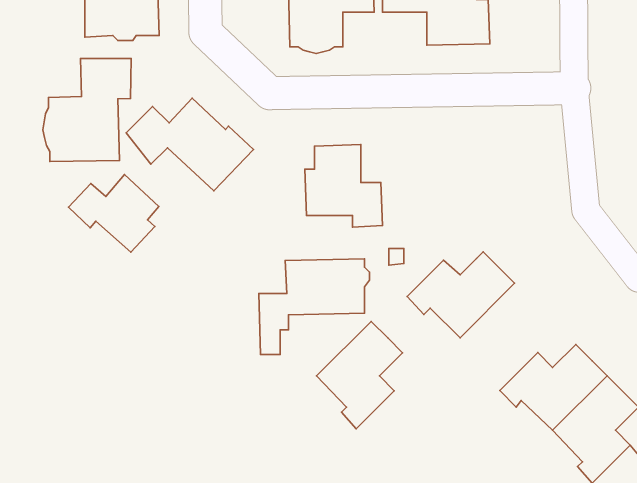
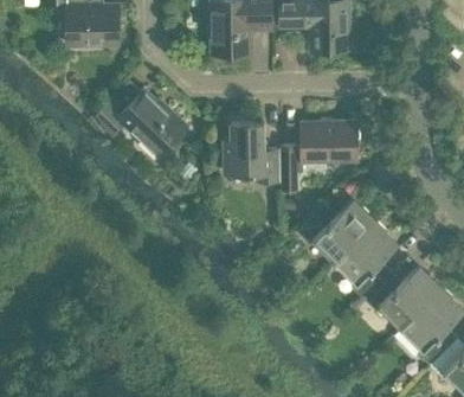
building: [43,58,131,161] -> none
building: [69,175,159,252] -> none
building: [259,259,370,355] -> [281,121,360,190]
building: [317,321,403,429] -> [334,222,395,299]

